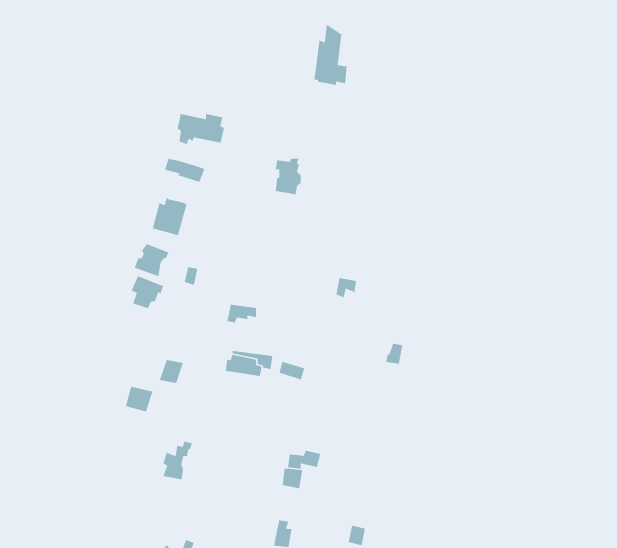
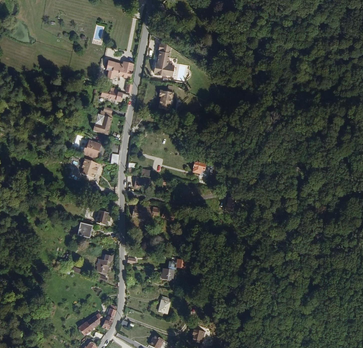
building: [314,24,347,86] -> [153,45,172,80]

